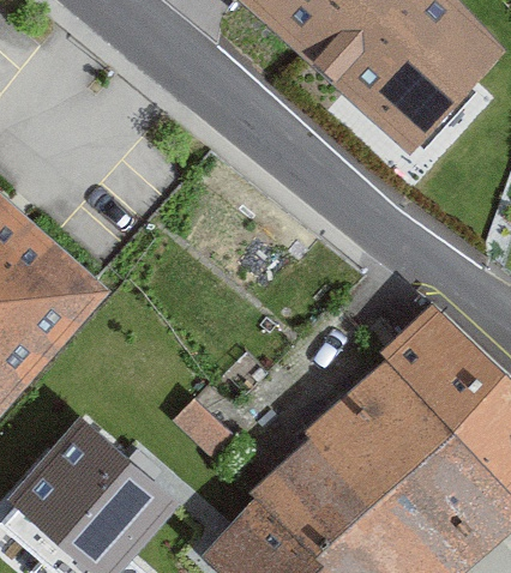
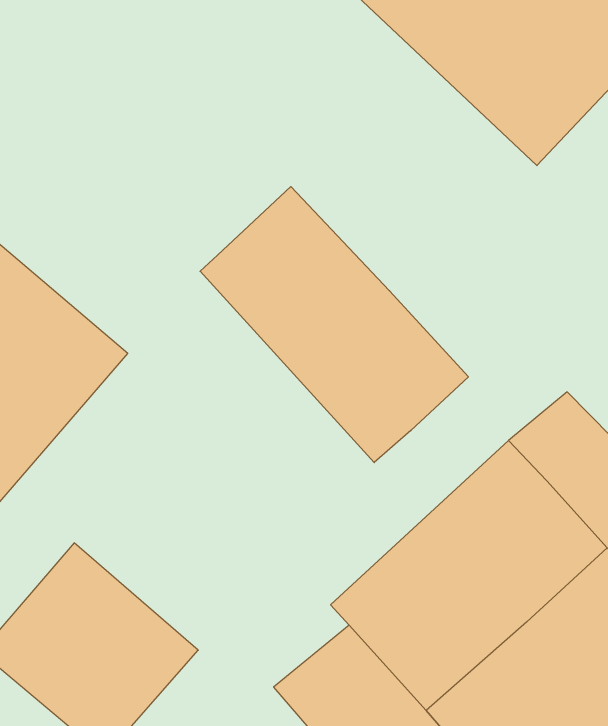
building: none -> [200,187,468,463]

